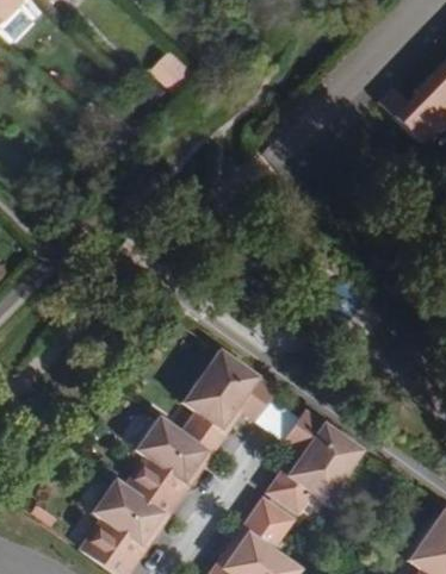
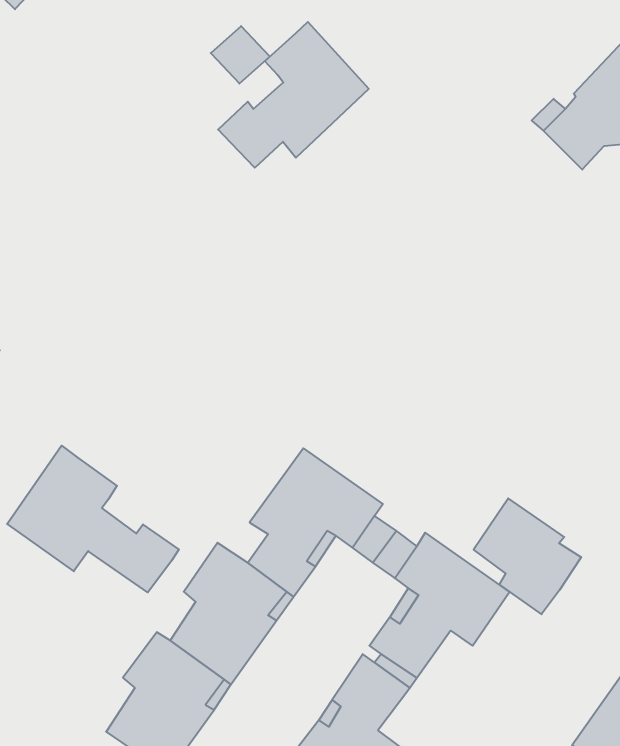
building: none -> [218,22,369,168]
building: none -> [7,446,179,592]
building: none -> [474,498,581,614]

